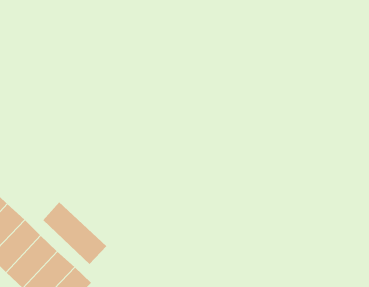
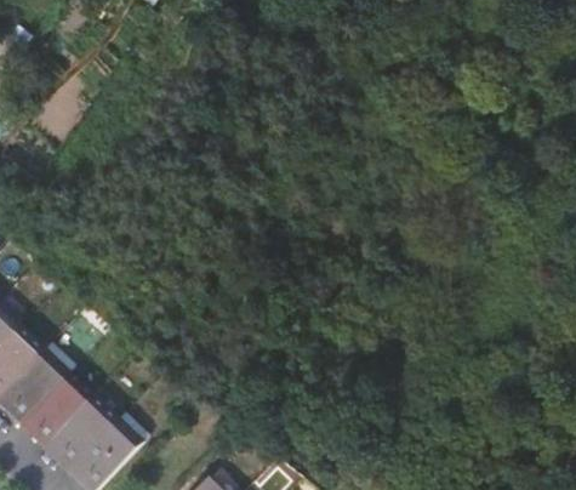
building: [43,201,107,265] -> none

